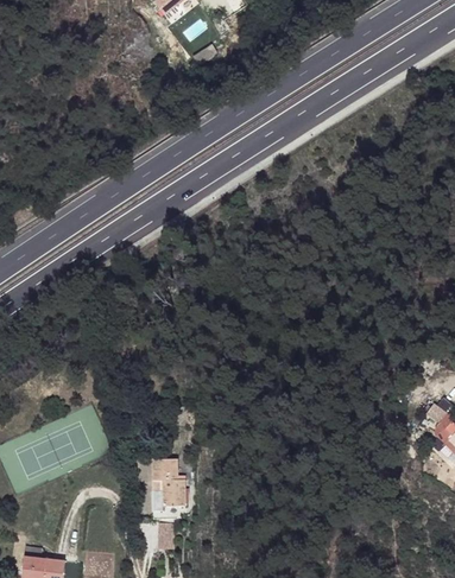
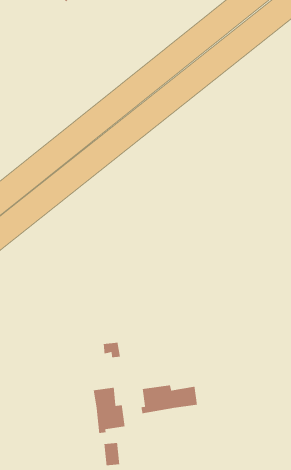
building: none -> [140,384,198,414]

